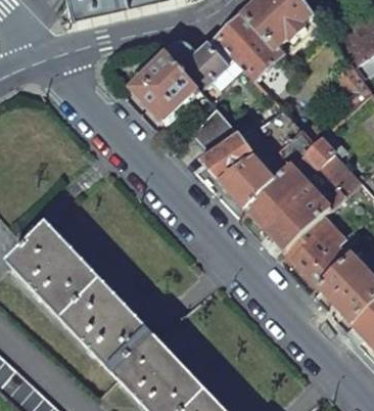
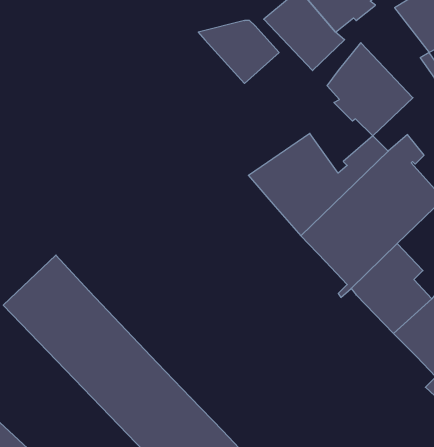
building: [133,55,204,123] -> none
building: none -> [327,43,413,136]
building: [194,109,244,156] -> none

